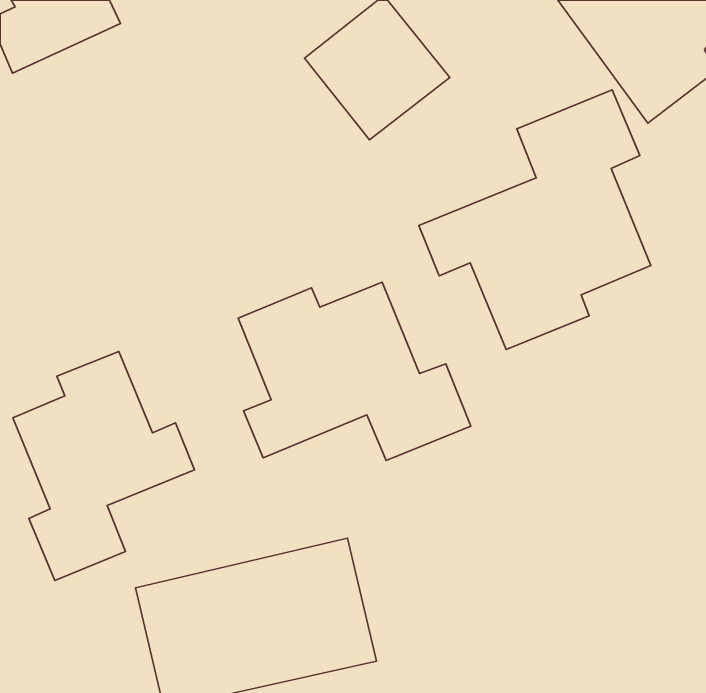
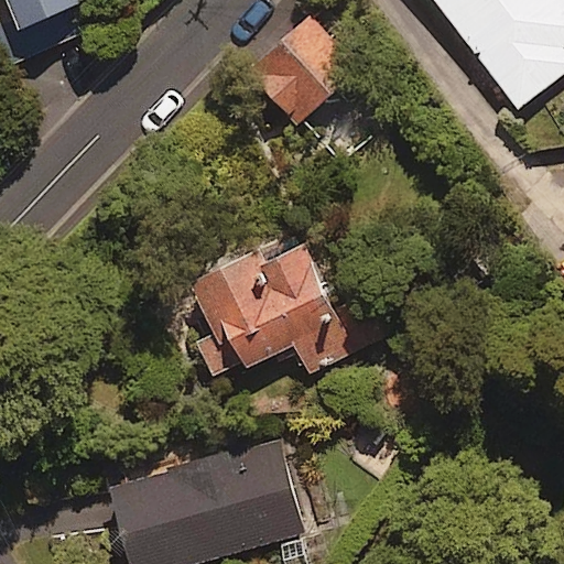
building: [419,90,651,349] -> none
building: [13,351,195,580] -> none

